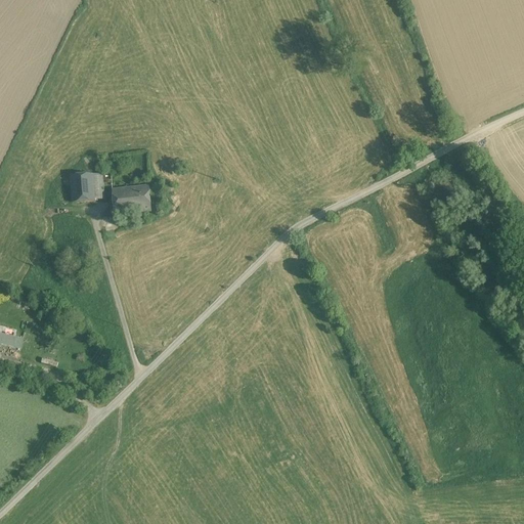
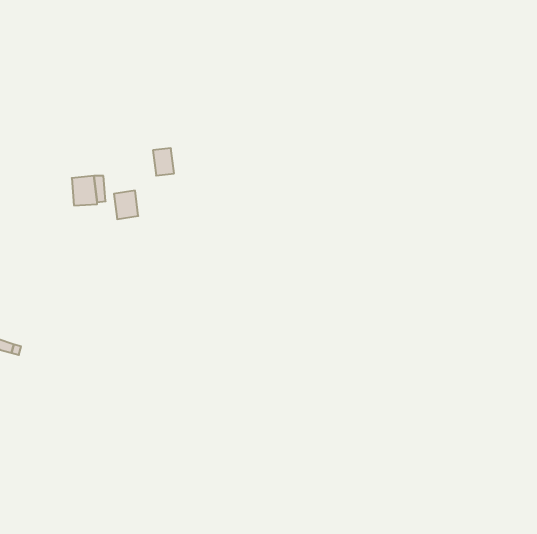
building: [131,183,151,210] -> [153,148,174,176]

